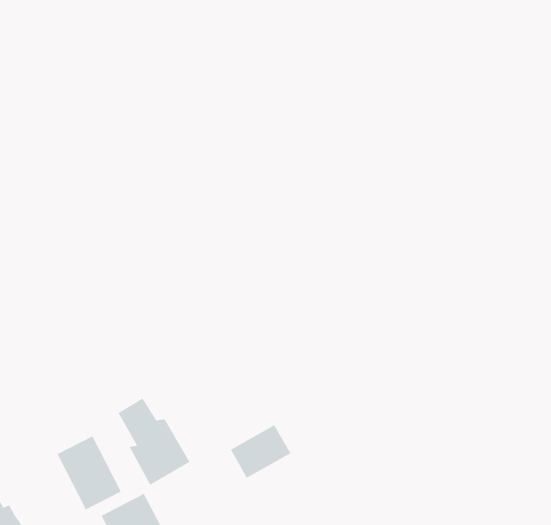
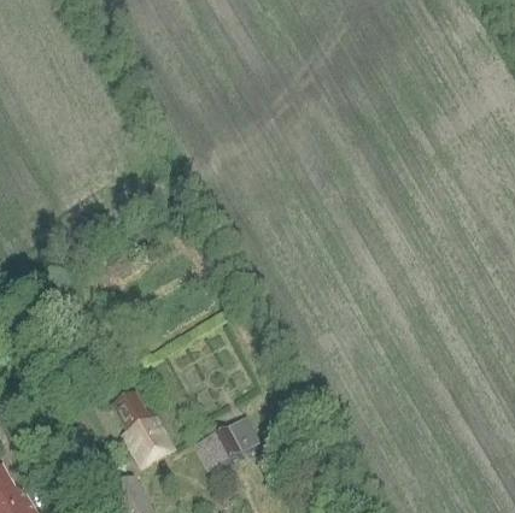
building: [56,435,122,510] -> none

